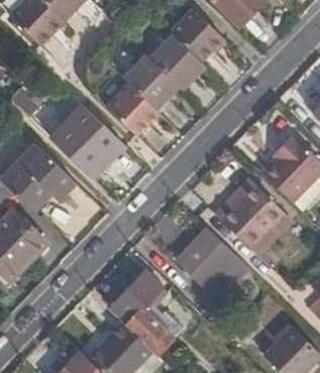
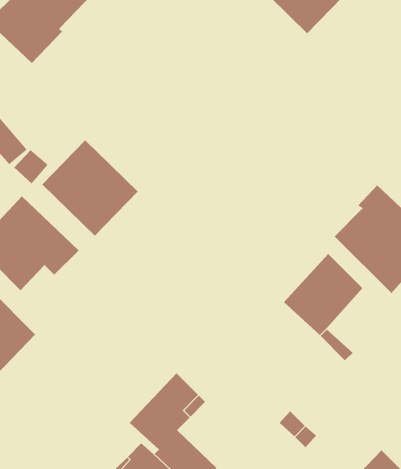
building: [106,7,222,134] -> none
building: [178,227,249,299] -> none

